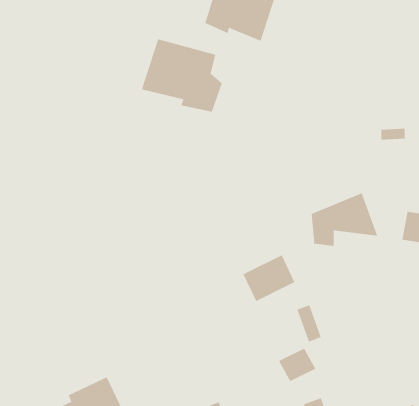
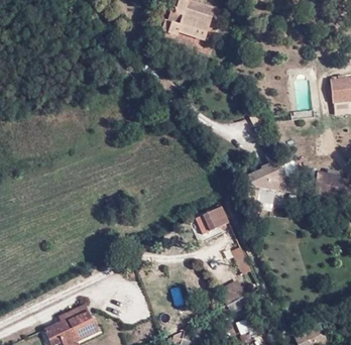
building: [141,38,223,113] -> none

